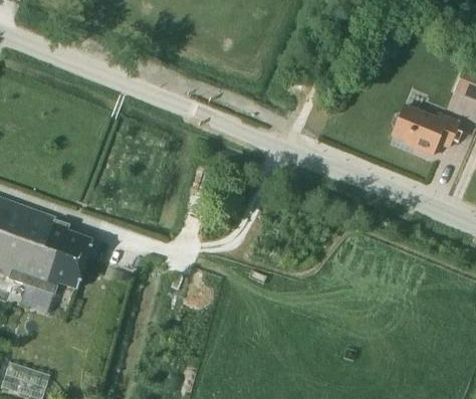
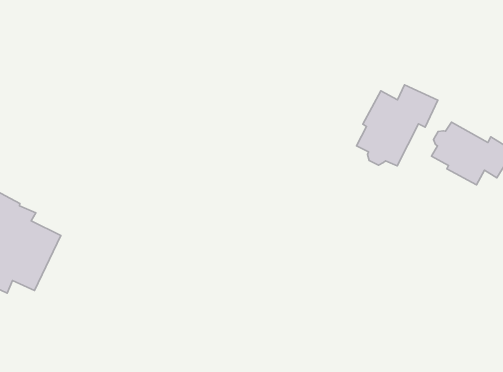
building: none -> [356,85,438,166]

